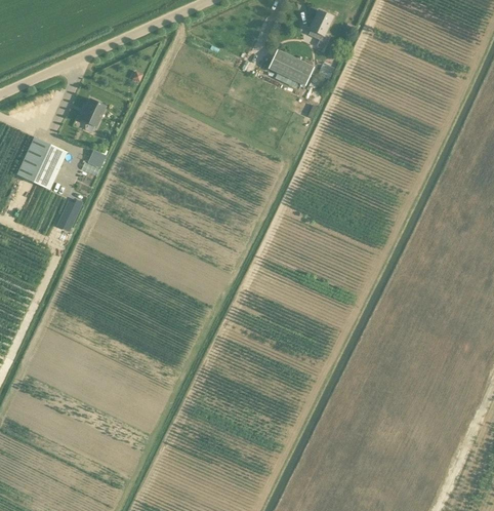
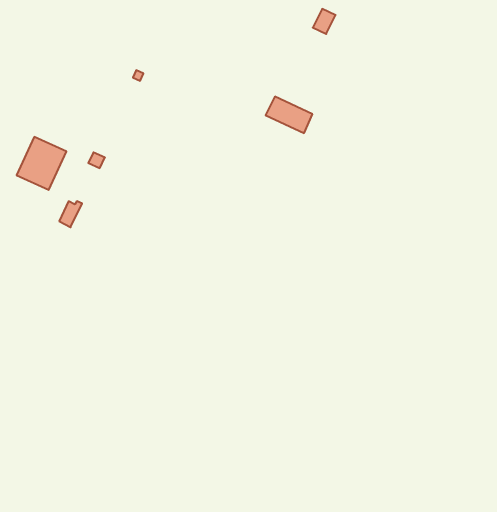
building: [266,49,313,85] -> [266,97,312,133]
building: [77,97,105,126] -> none

